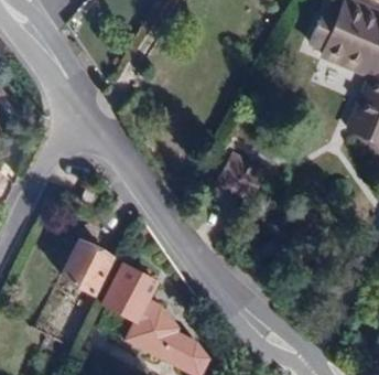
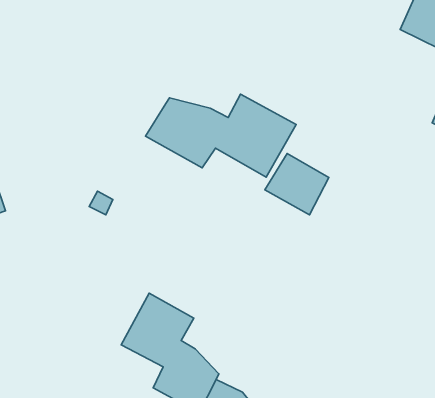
building: none -> [146,94,296,177]
building: [62,238,111,292] -> none

